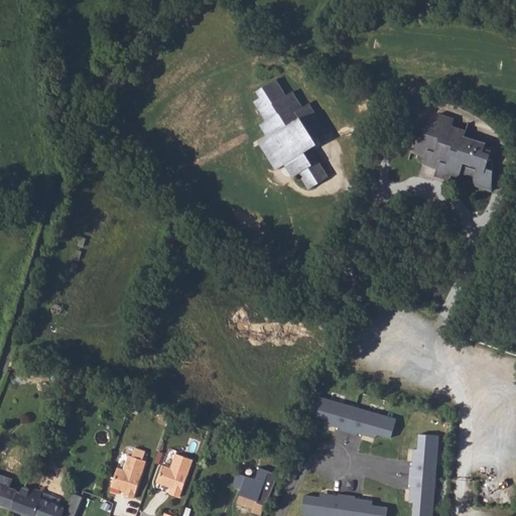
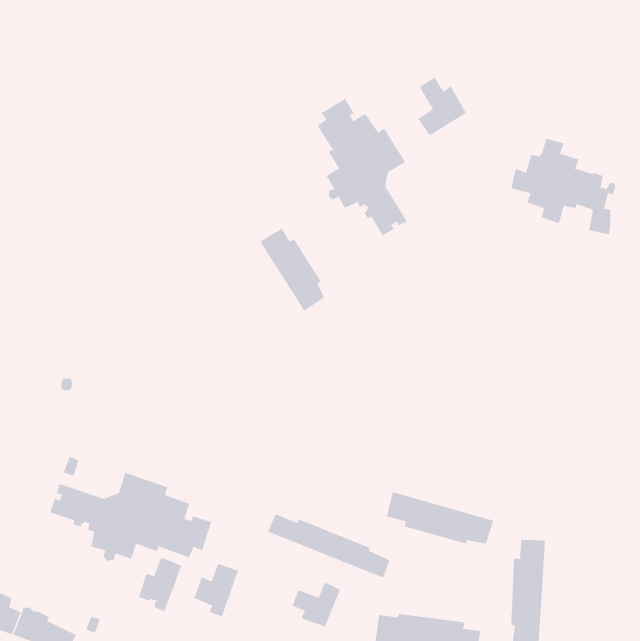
building: none -> [417,77,467,136]
building: none -> [260,228,325,312]
building: none -> [50,472,212,561]
building: none -> [267,513,390,578]

